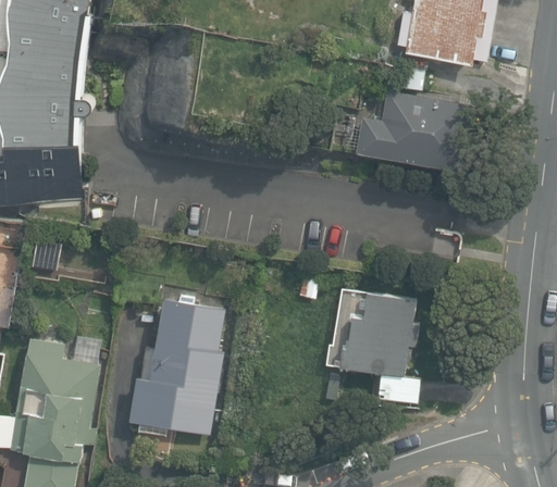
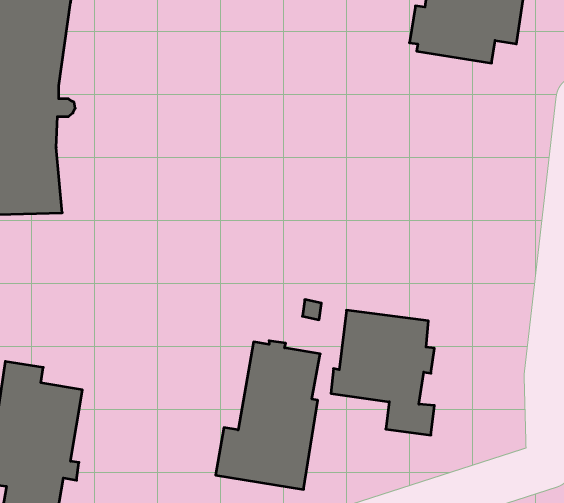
building: [356,91,470,170] -> none
building: [129,297,225,433] -> [216,341,320,489]

